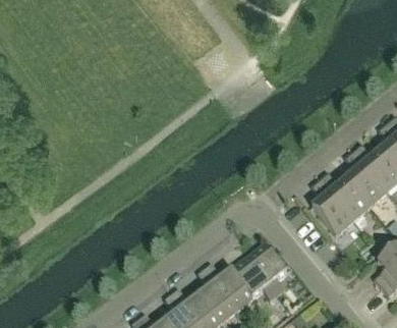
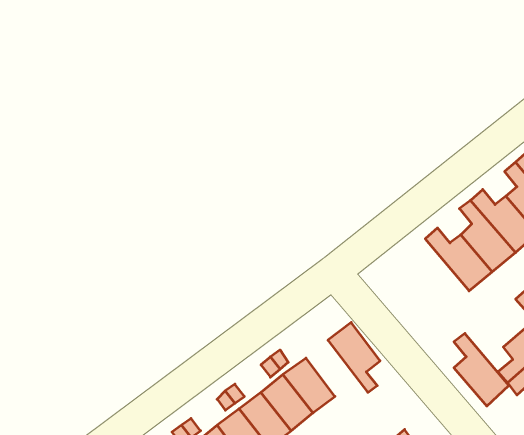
building: [311,181,352,235] -> [454,333,509,406]
building: [231,257,277,300] -> none

